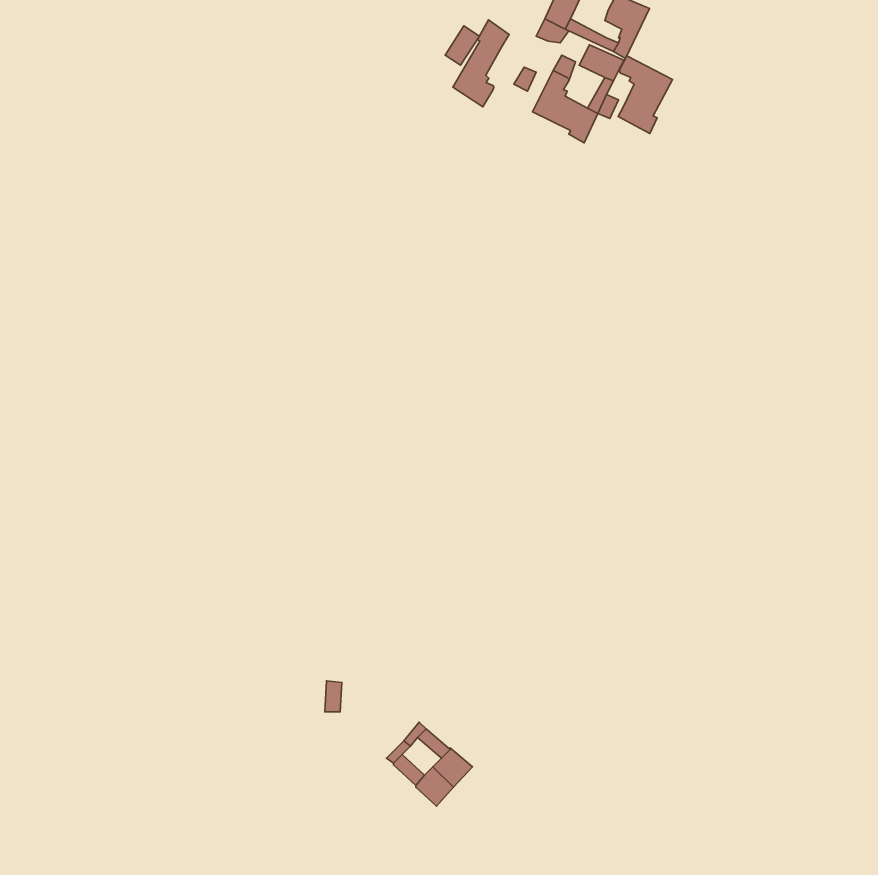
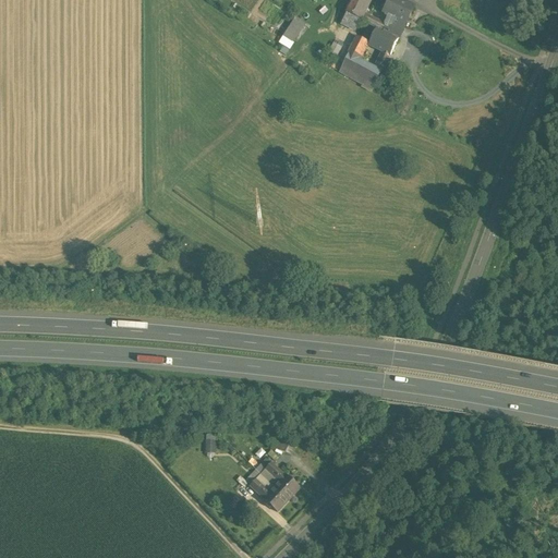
building: [453,20,509,107] -> none
building: [618,56,673,134] -> none

